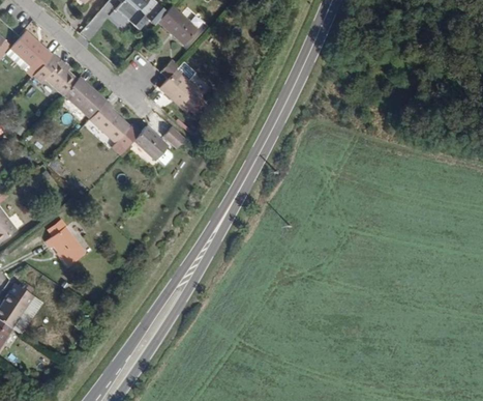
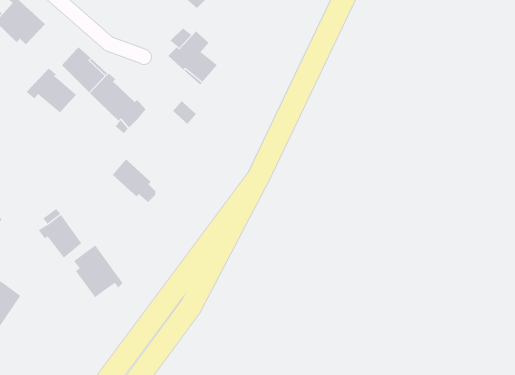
building: [34,55,79,95] -> [27,68,77,113]
building: [134,125,174,165] -> [112,158,156,203]
building: none -> [73,244,123,298]

